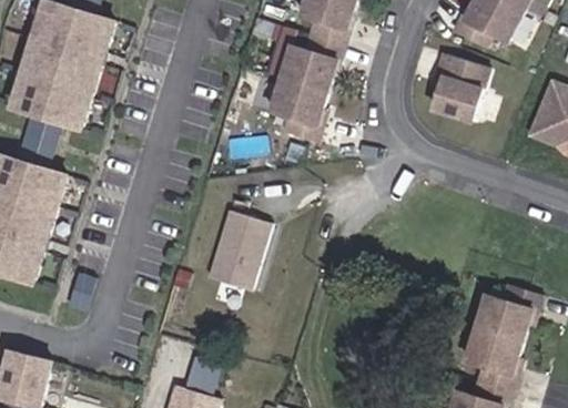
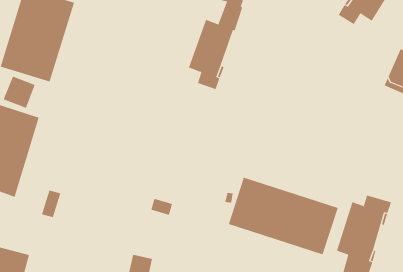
building: [434,53,493,120] -> none
building: [206,208,270,288] -> none
building: none -> [228,177,338,255]

